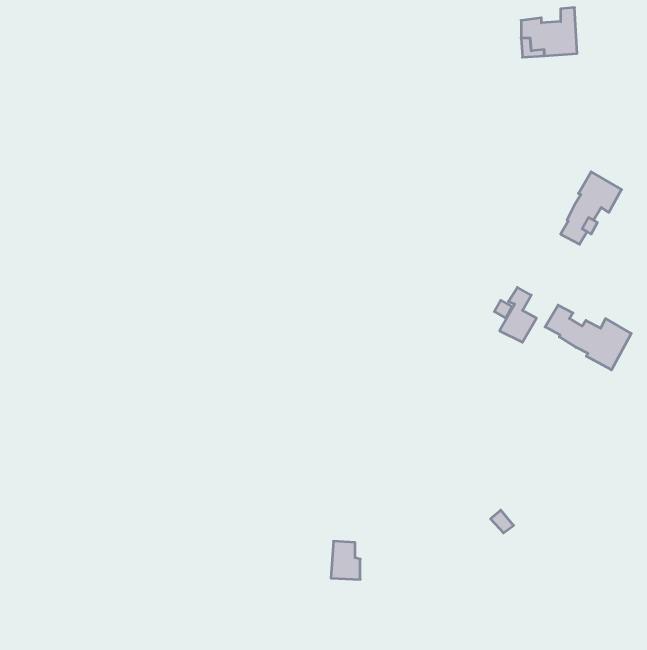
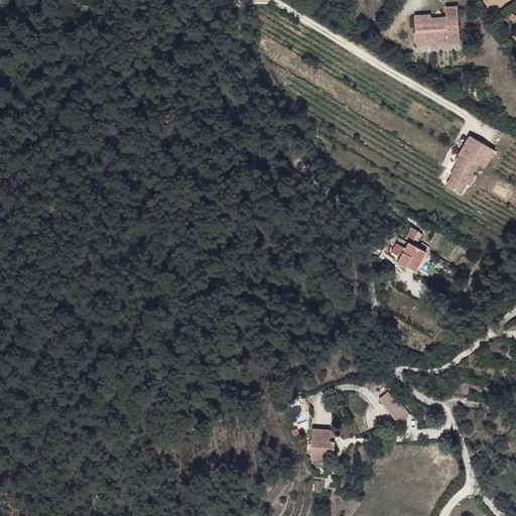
building: [545,305,631,370] -> none
building: [331,541,360,579] -> [309,427,333,458]

